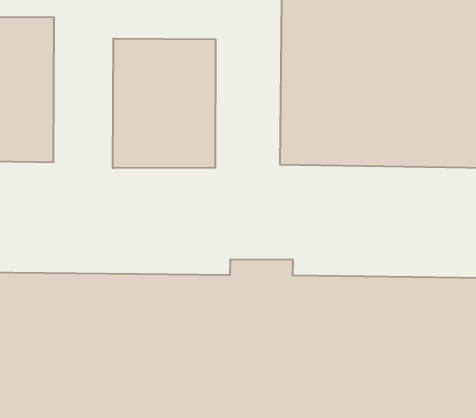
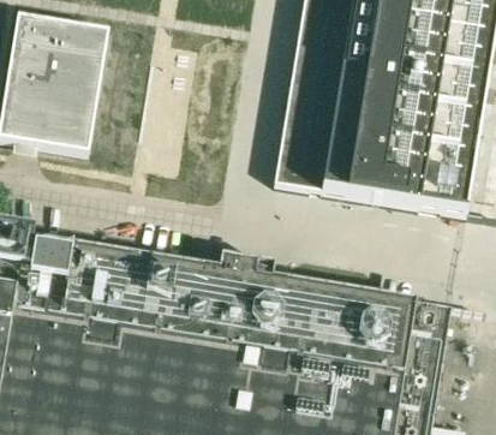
building: [113,38,216,168] -> none

